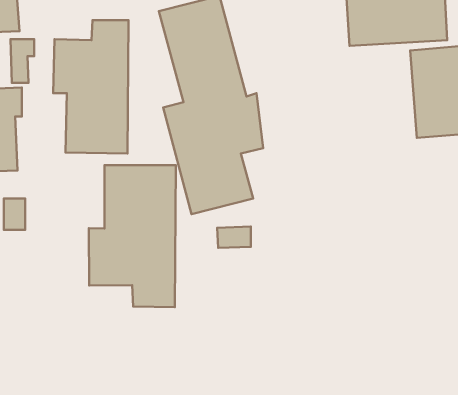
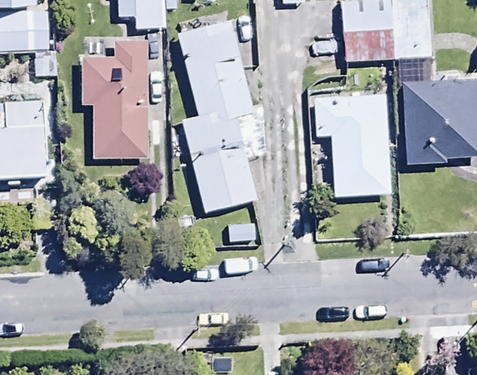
building: none -> [314,94,389,196]
building: [89,165,176,307] -> none

